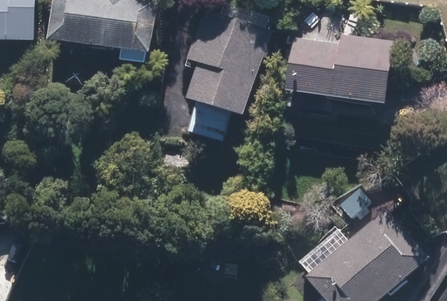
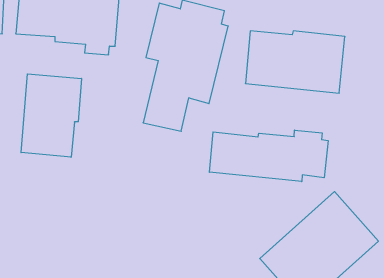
building: none -> [21,74,81,157]
building: none -> [209,130,328,182]

